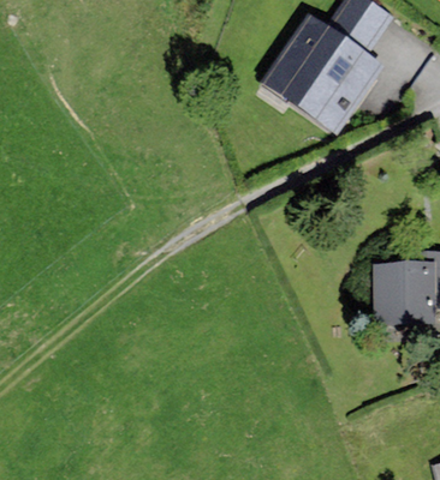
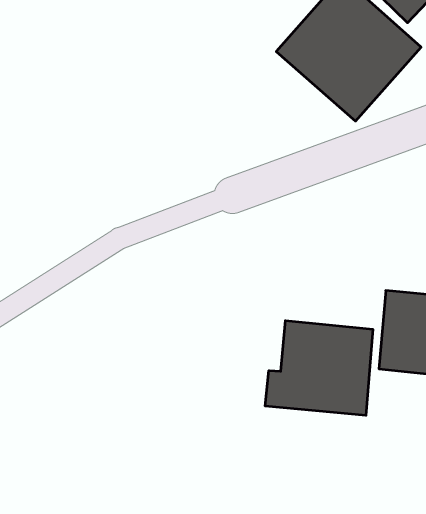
building: none -> [265,321,373,415]

